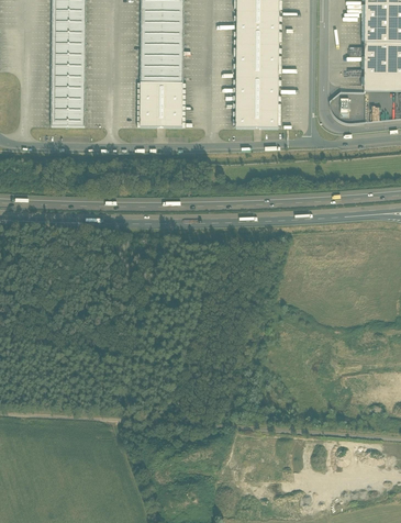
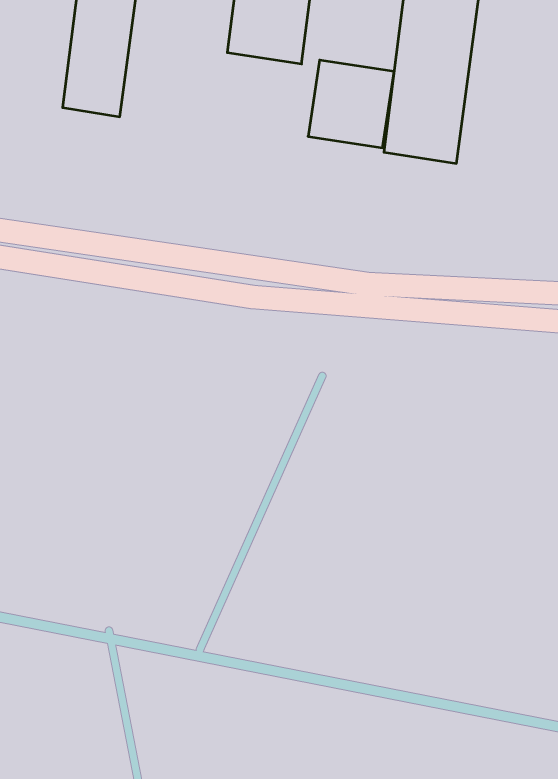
building: [138,80,182,125] -> [308,60,394,148]

